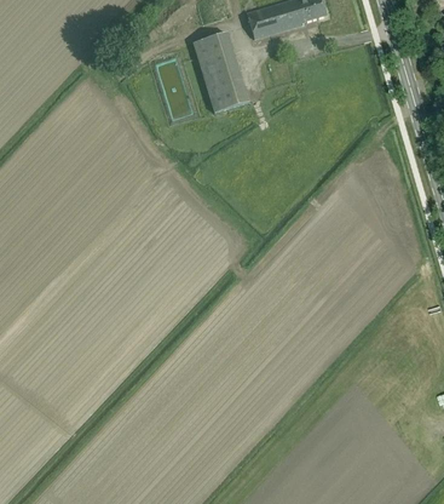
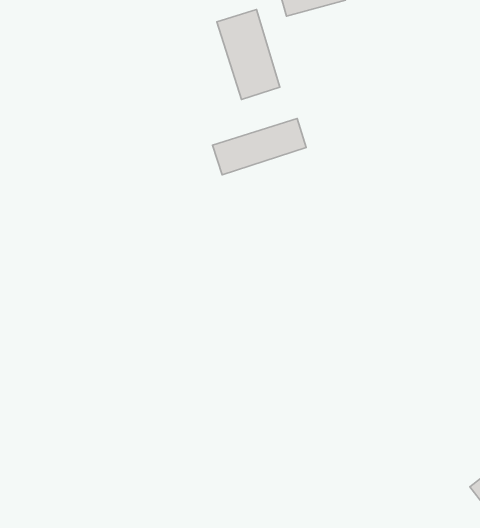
building: none -> [212,119,306,175]

